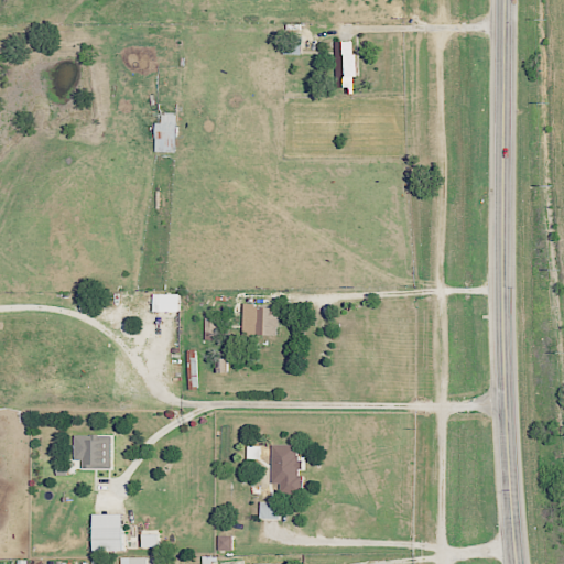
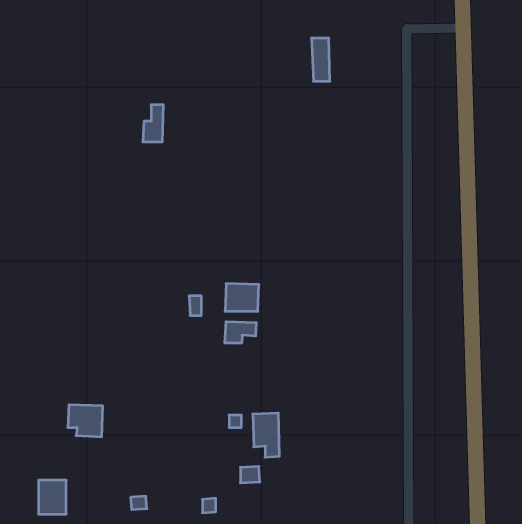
building: [152,294,178,312] -> none
building: none -> [225,322,256,343]
building: [93,513,122,550] -> [38,480,66,514]

